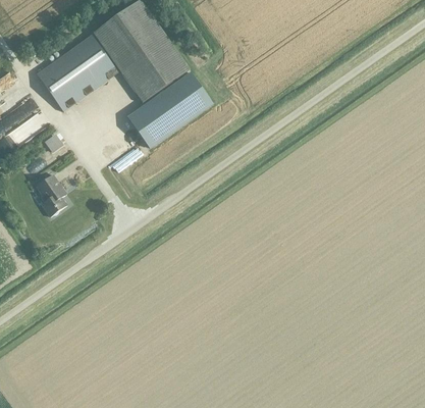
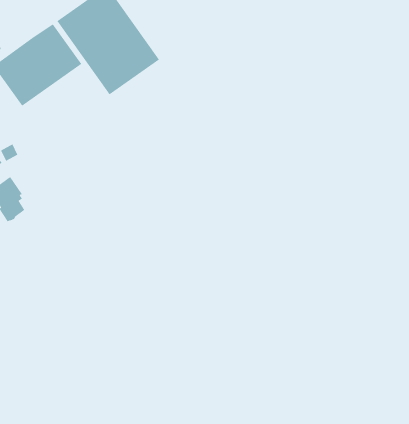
building: [127,71,212,147] -> none

